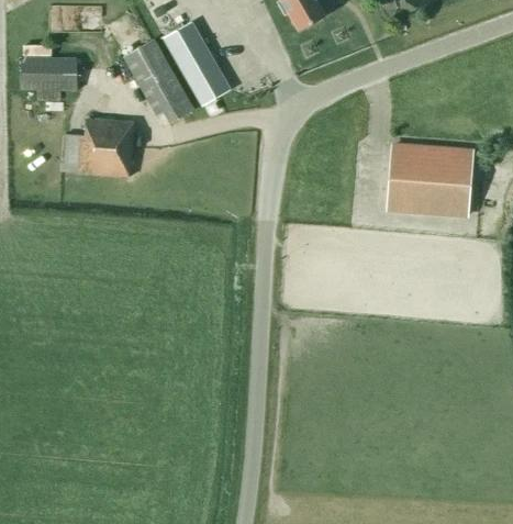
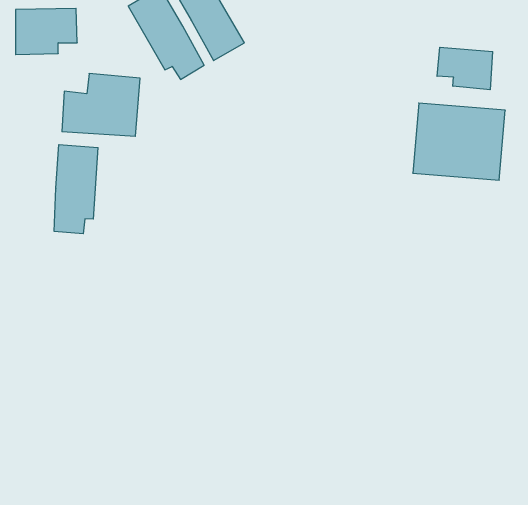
building: none -> [437,47,493,90]
building: none -> [54,145,98,234]

